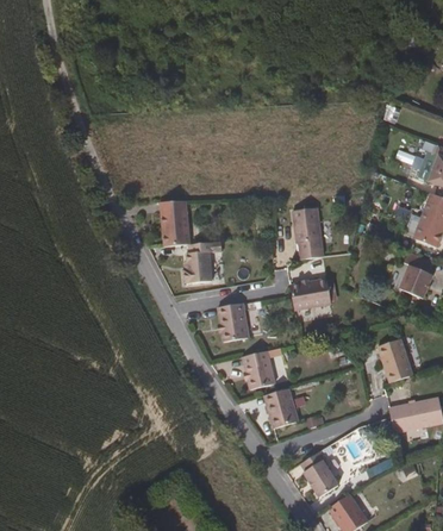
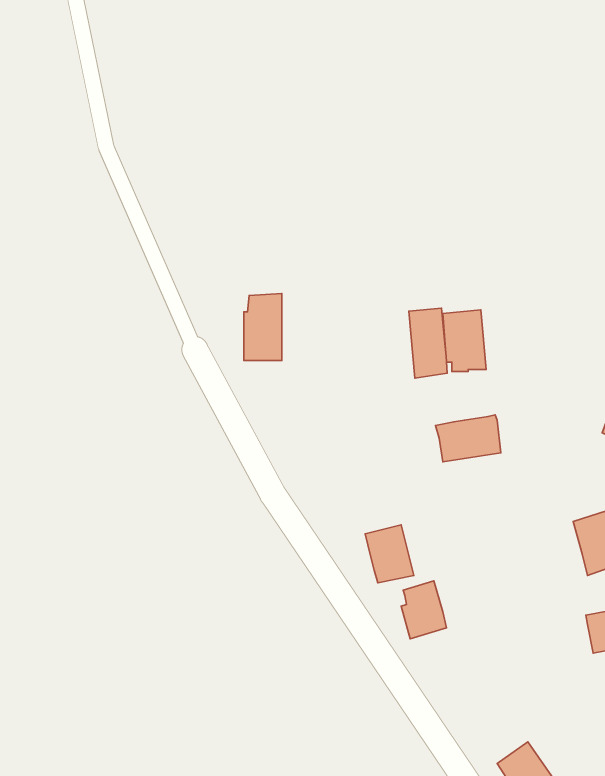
building: none -> [409,308,447,378]
building: [183,239,223,281] -> none
building: [217,300,247,339] -> none
building: [298,450,337,498] -> none

